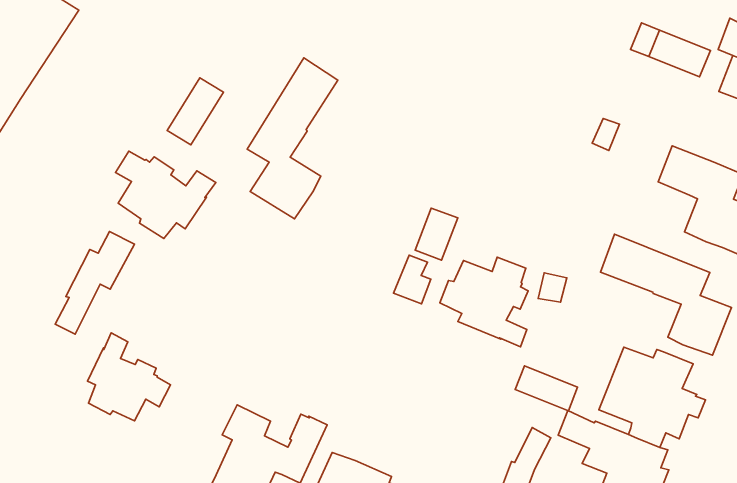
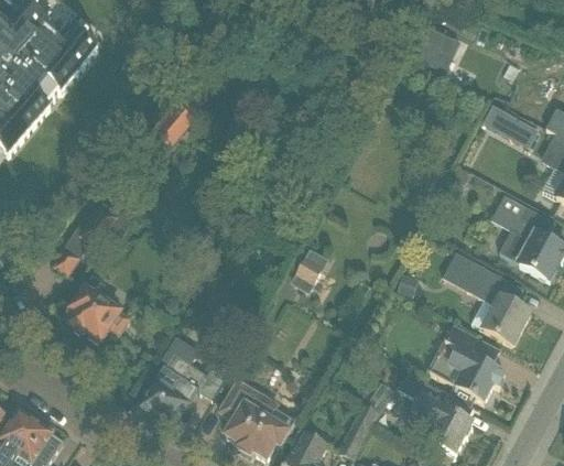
building: [247,58,338,219] -> none
building: [116,151,216,238] -> none
building: [415,208,458,260] -> none
building: [440,257,528,347] -> none
building: [515,366,578,411] -> none

